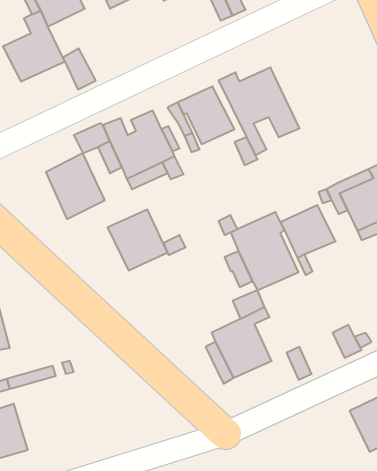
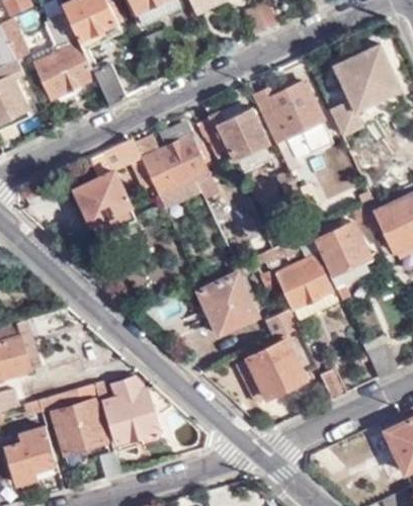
building: none -> [329,46,400,137]
building: [108,210,168,270] -> [196,272,257,334]
building: none -> [104,376,161,444]
building: none -> [52,401,105,453]

